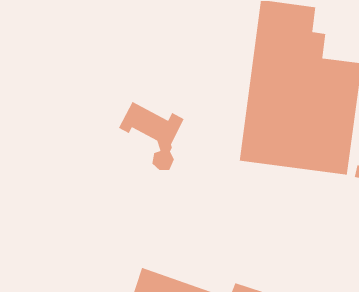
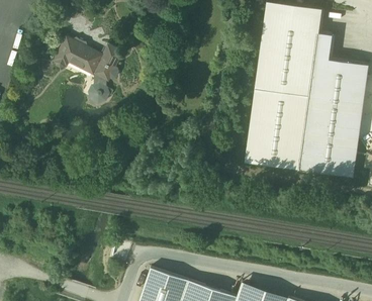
building: [118,101,185,171] -> [54,34,120,104]

